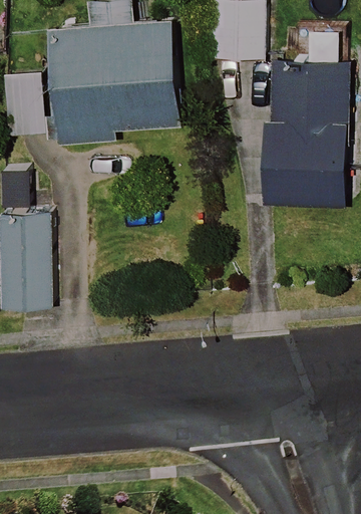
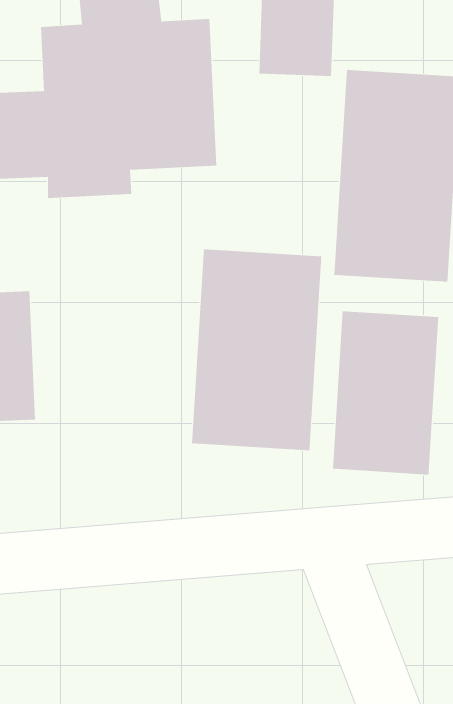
building: none -> [191,248,322,451]
building: none -> [332,310,439,475]

